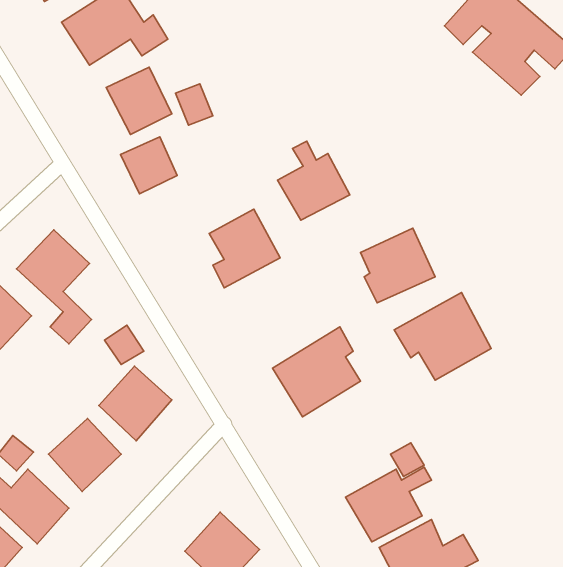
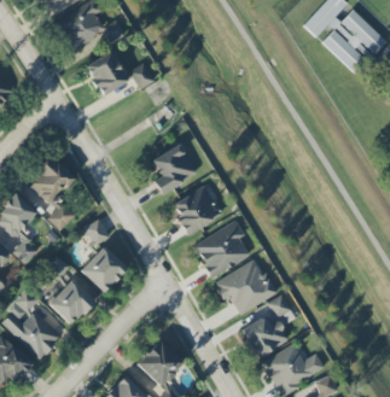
building: [121,137,177,194] -> none
building: [278,141,350,220] -> none
building: [360,228,435,303] -> [173,186,221,234]
building: [394,292,491,380] -> [213,258,275,315]

